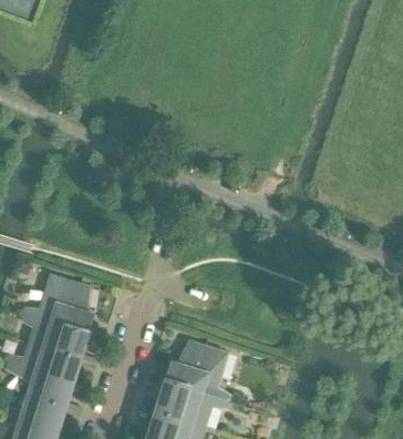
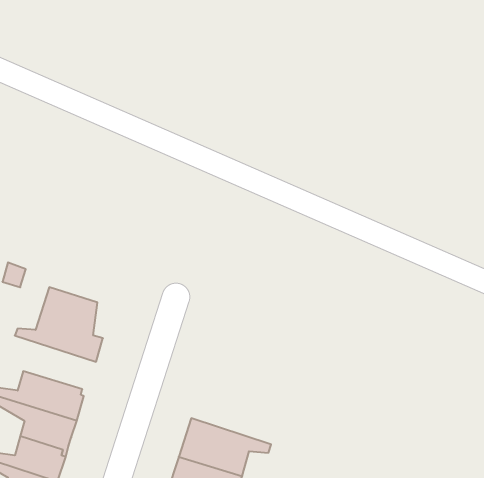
building: [22,314,89,363] -> none
building: [165,340,230,401] -> none

